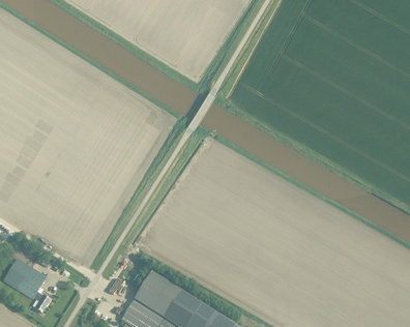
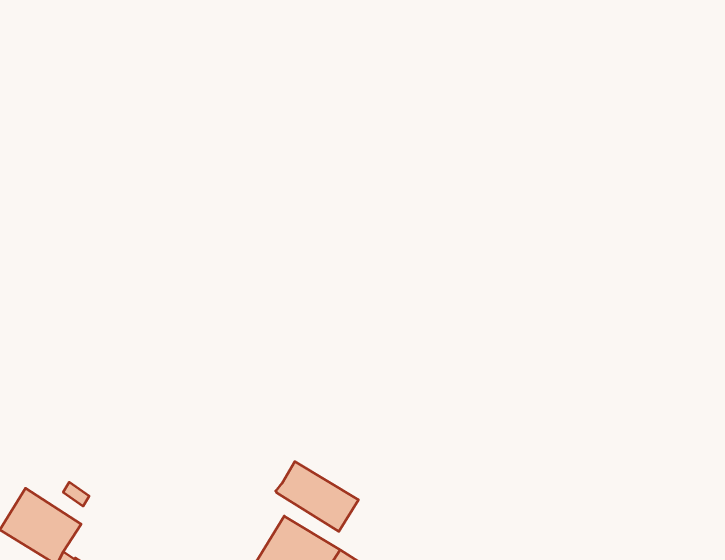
building: none -> [276,462,358,531]

